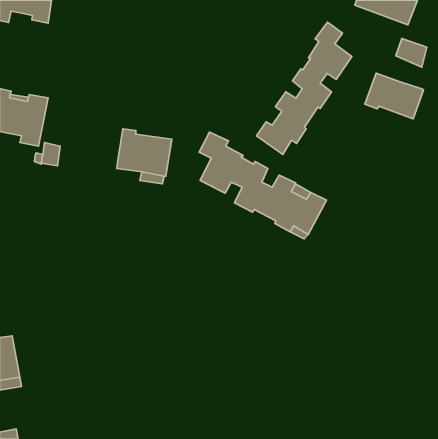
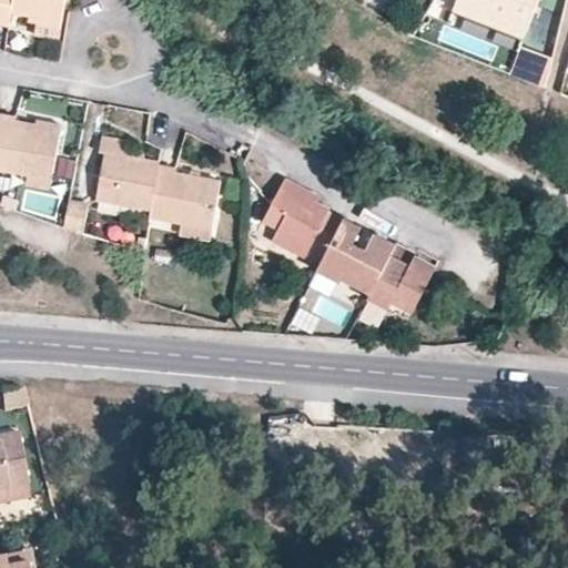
building: [256,22,352,155] -> none
building: [365,73,423,119] -> none
building: none -> [97,139,160,210]

